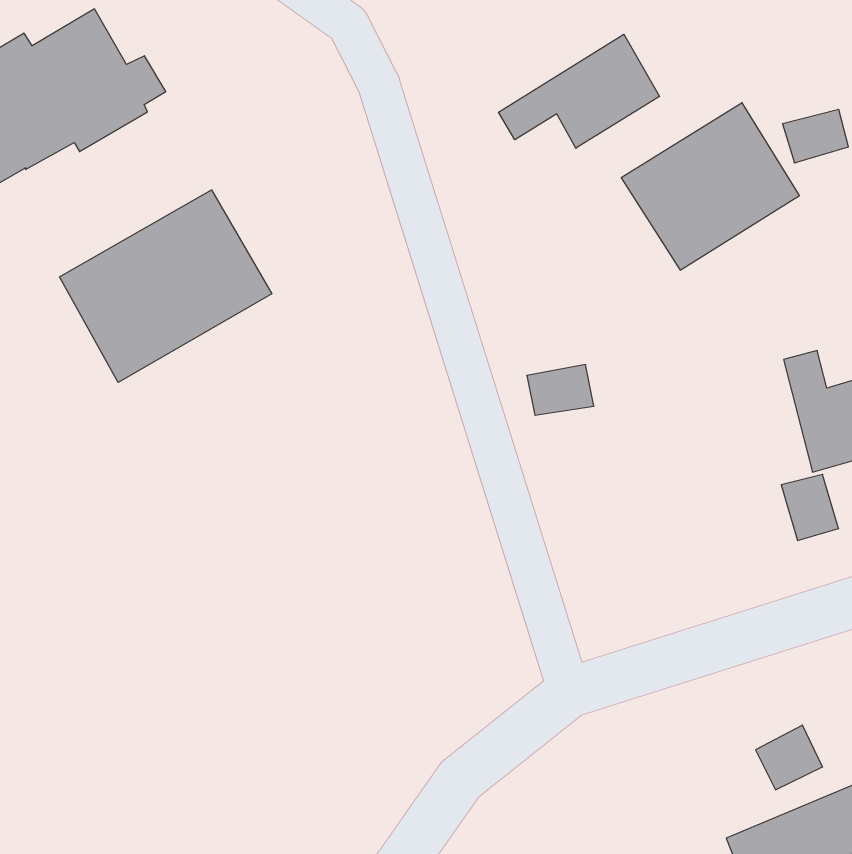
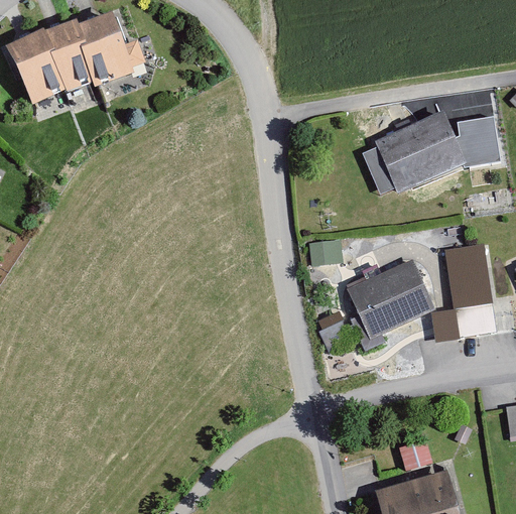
building: [498,34,660,148] -> none
building: [59,190,272,382] -> none
building: none -> [347,261,433,338]

